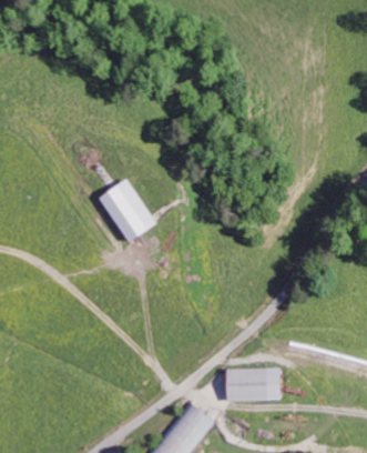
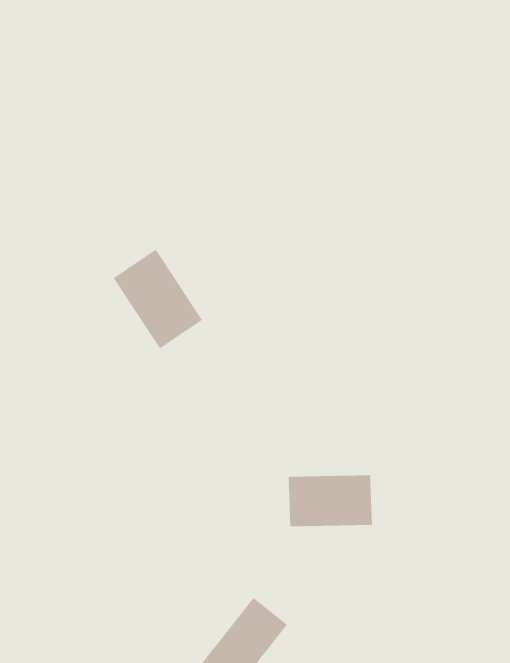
building: [226,369,281,402] -> [288,475,373,527]

